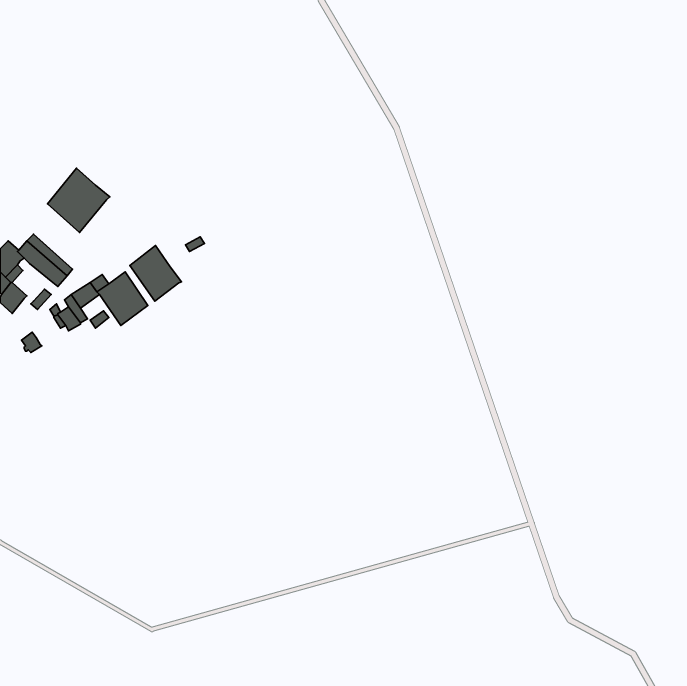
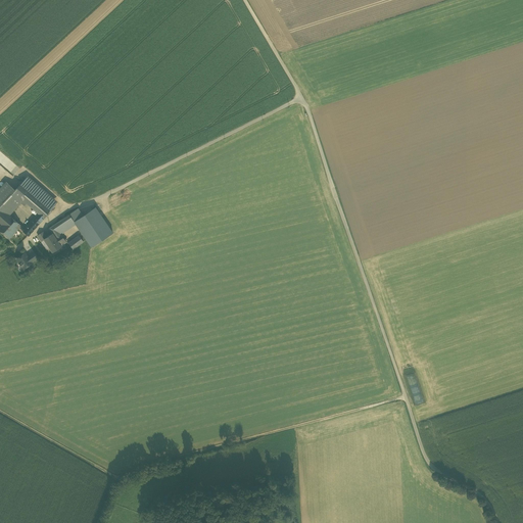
building: [47,168,110,232] -> none
building: [130,245,182,301] -> none

